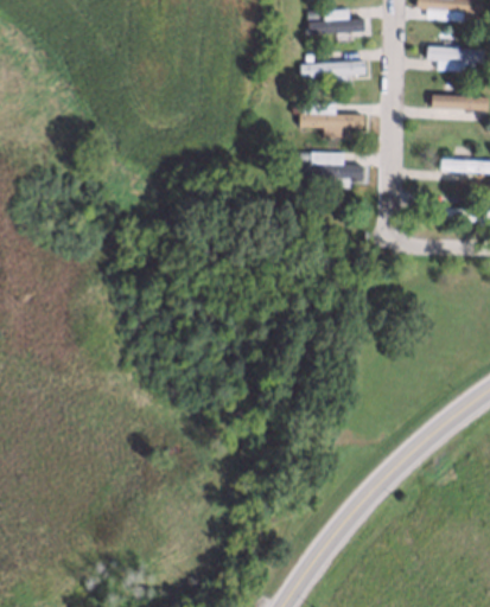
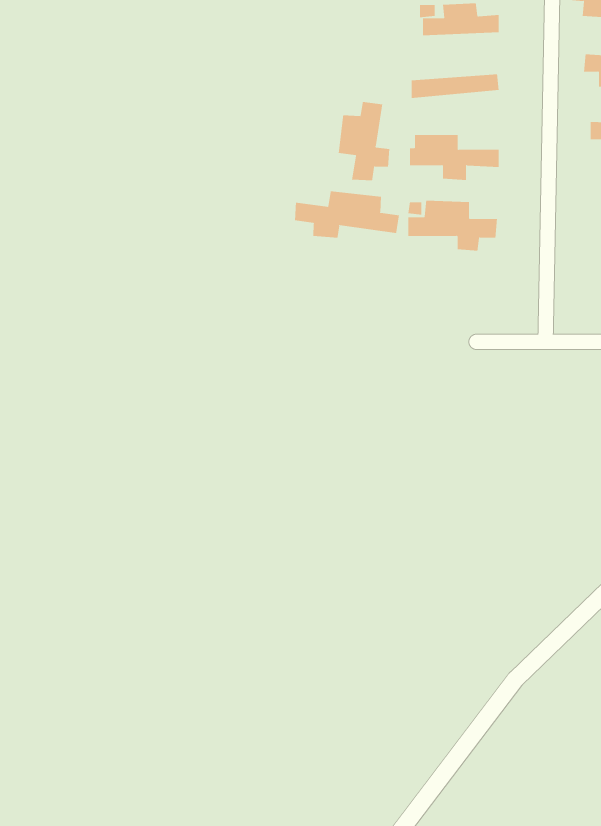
building: none -> [338,101,390,181]
building: none -> [294,190,400,238]

